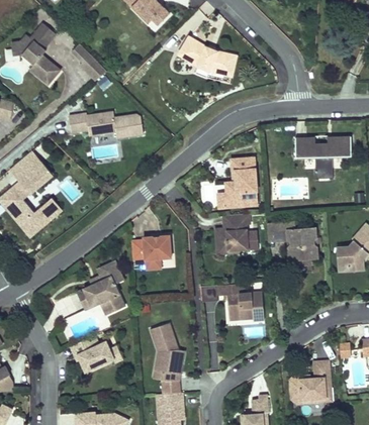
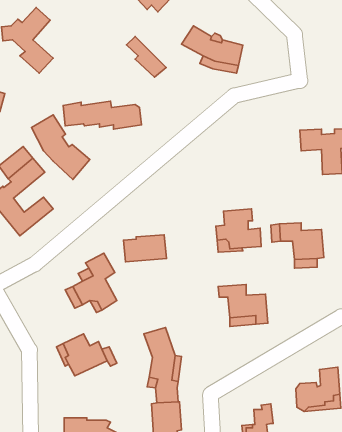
building: [75,43,112,82] -> [126,36,166,77]
building: none -> [32,115,90,179]
building: [223,156,257,207] -> none

